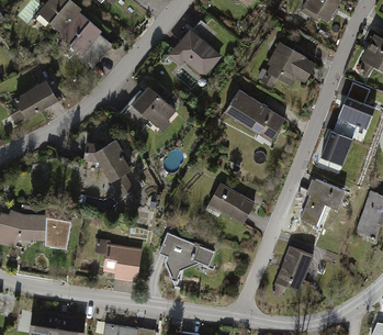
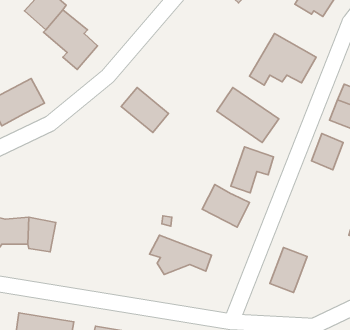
building: [168,30,222,82] -> none
building: [93,138,135,199] -> none
building: [302,181,343,226] -> [231,147,274,193]
building: [95,242,144,279] -> none

